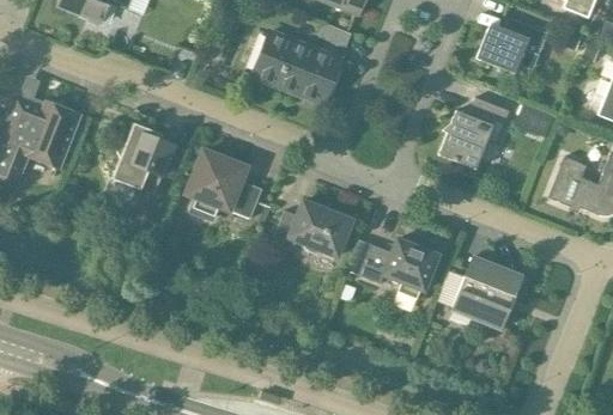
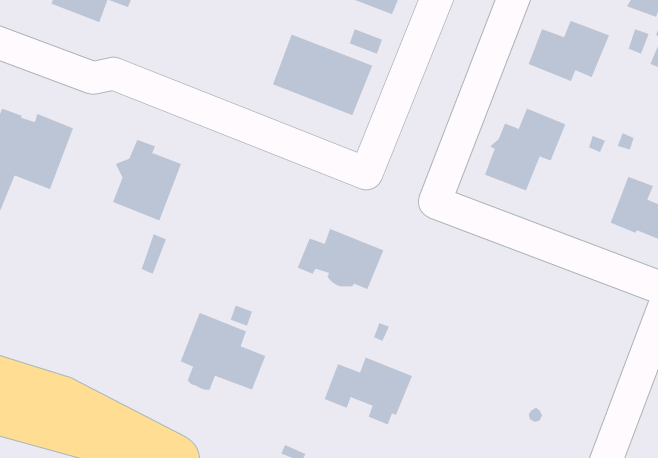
building: [187,149,262,218] -> [180,312,266,390]
building: [360,238,438,298] -> [324,357,413,425]
building: [451,256,522,328] -> none

